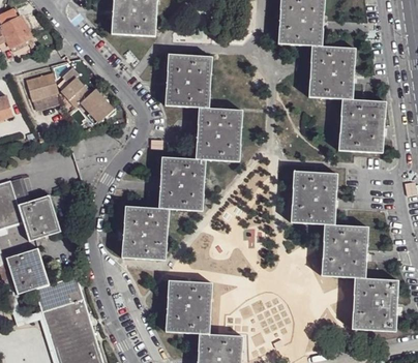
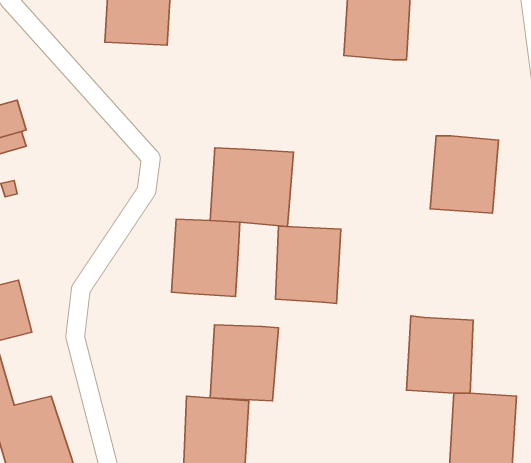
building: [309,46,356,98] -> none
building: [166,54,212,108] -> none
building: [59,69,111,125] -> none
building: [292,171,337,224] -> [275,226,341,304]
building: [122,206,170,259] -> [210,325,278,401]

